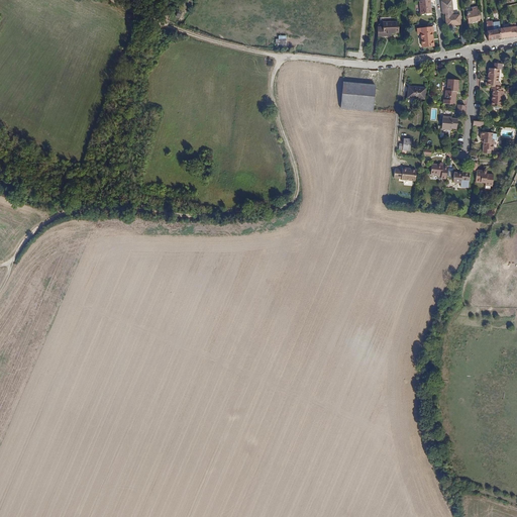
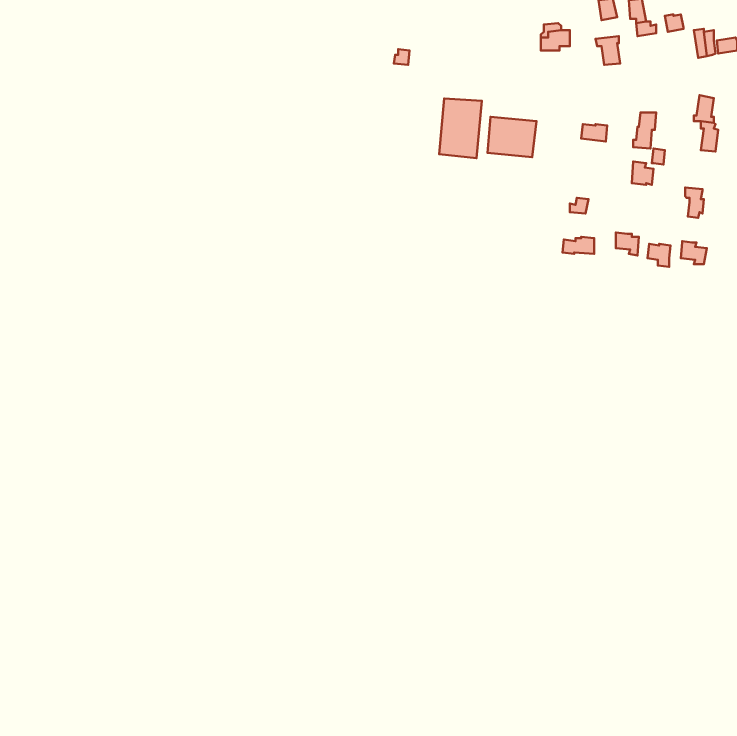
building: none -> [439,99,482,158]

